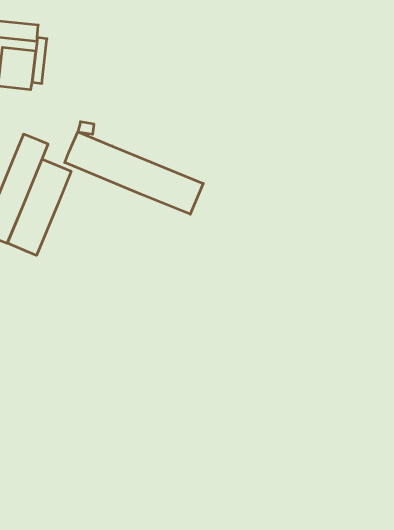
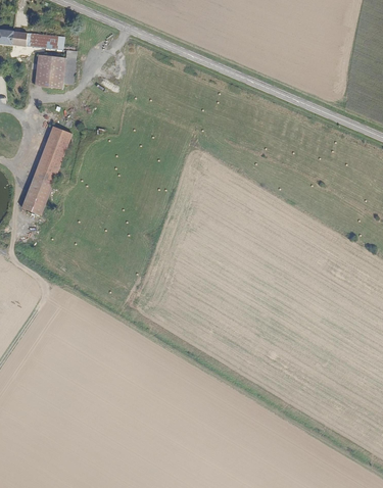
building: [65,132,203,214] -> none
building: [7,159,71,255] -> none

